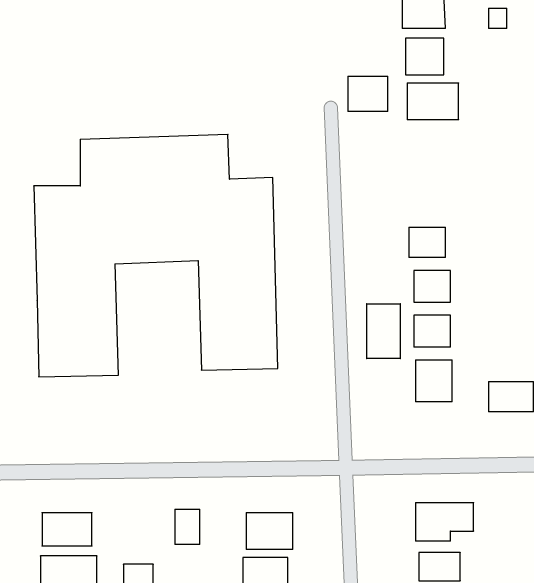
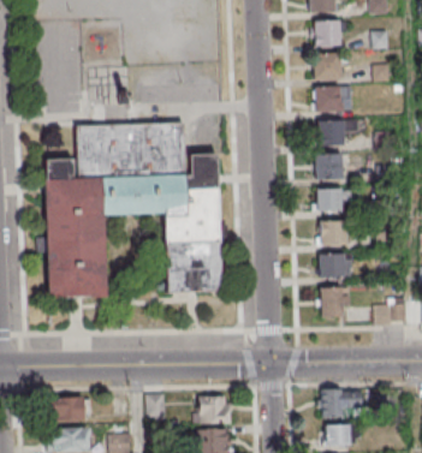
building: [348,76,388,111] -> [317,119,346,144]
building: none -> [315,154,343,179]
building: [367,304,400,359] -> none

